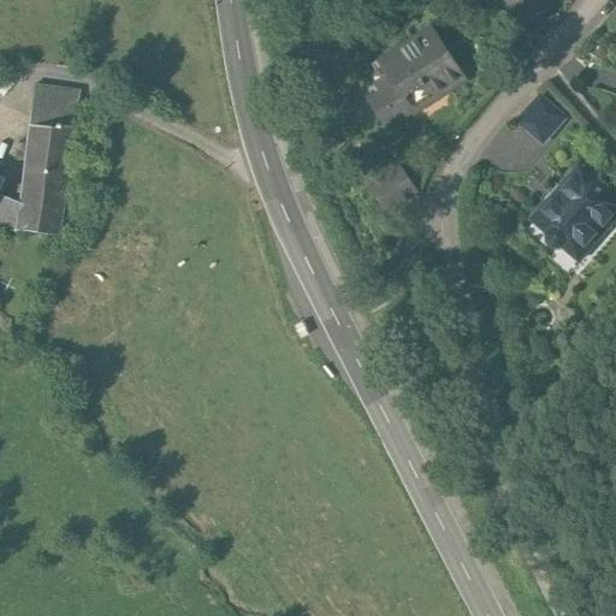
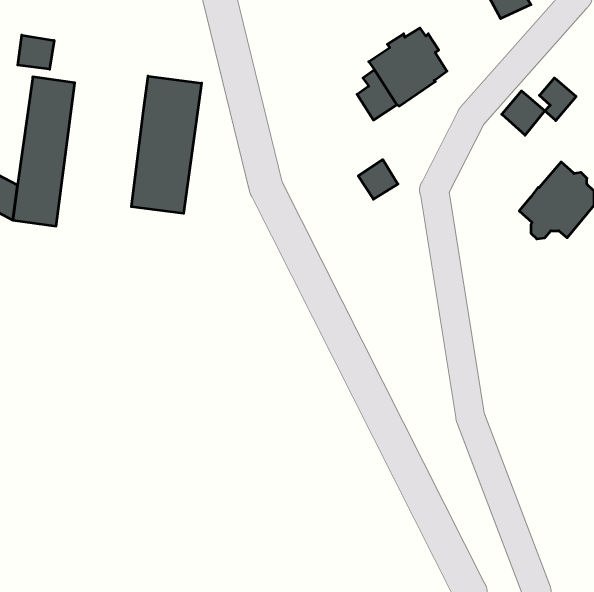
building: none -> [18,35,54,69]
building: none -> [131,76,202,213]
building: none -> [539,78,576,121]

